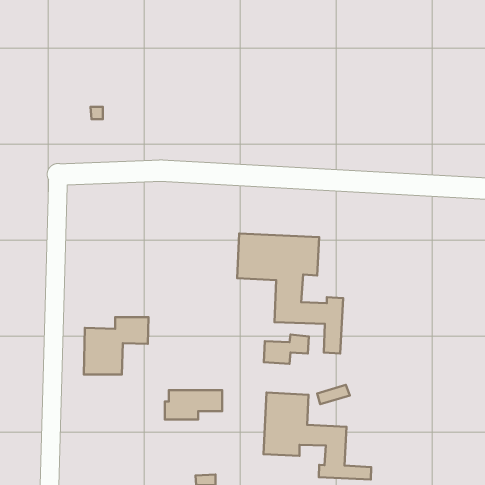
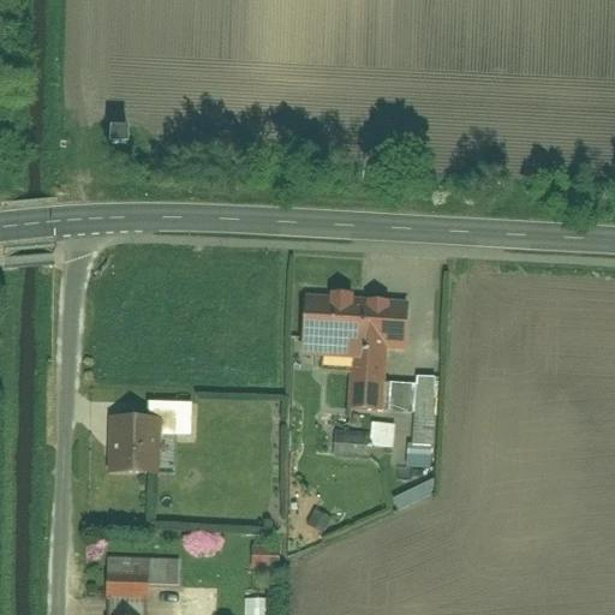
building: [165,390,222,420] -> [105,557,177,595]
building: [263,393,371,480] -> none

